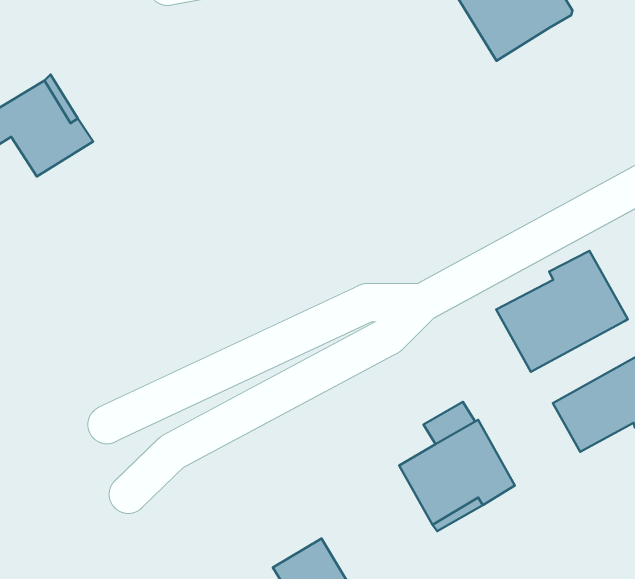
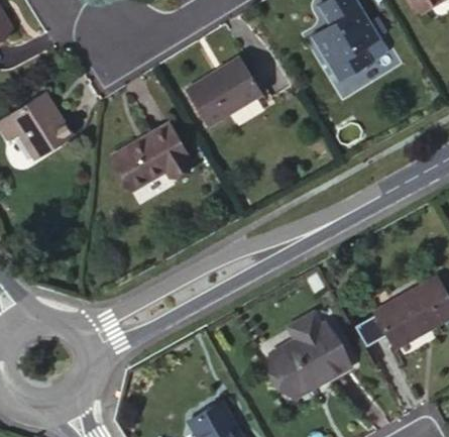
building: none -> [186,58,262,127]
building: none -> [112,125,193,191]
building: [496,251,628,372] -> none

